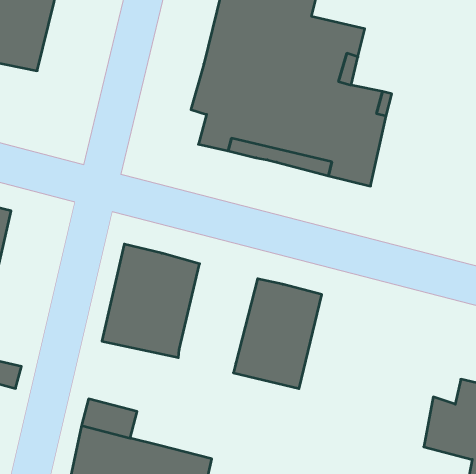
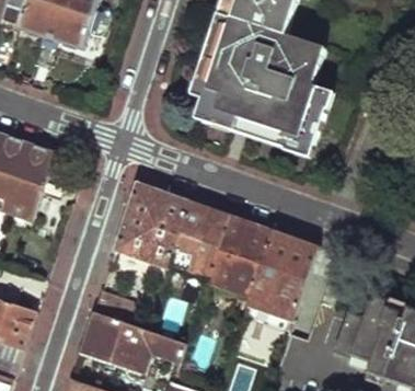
building: none -> [166,202,227,275]
building: none -> [245,231,314,326]

